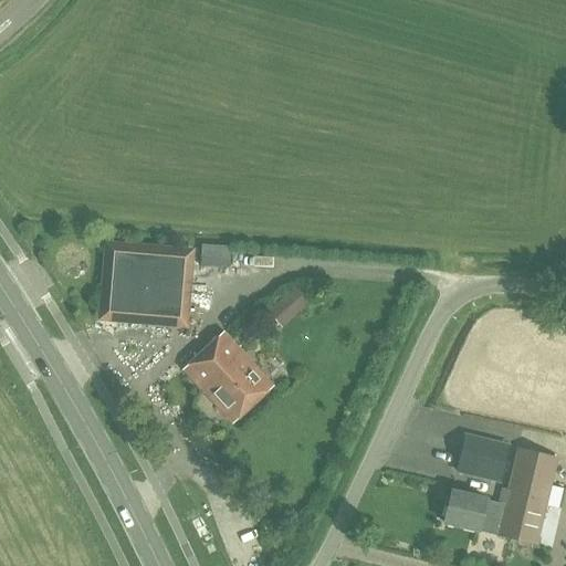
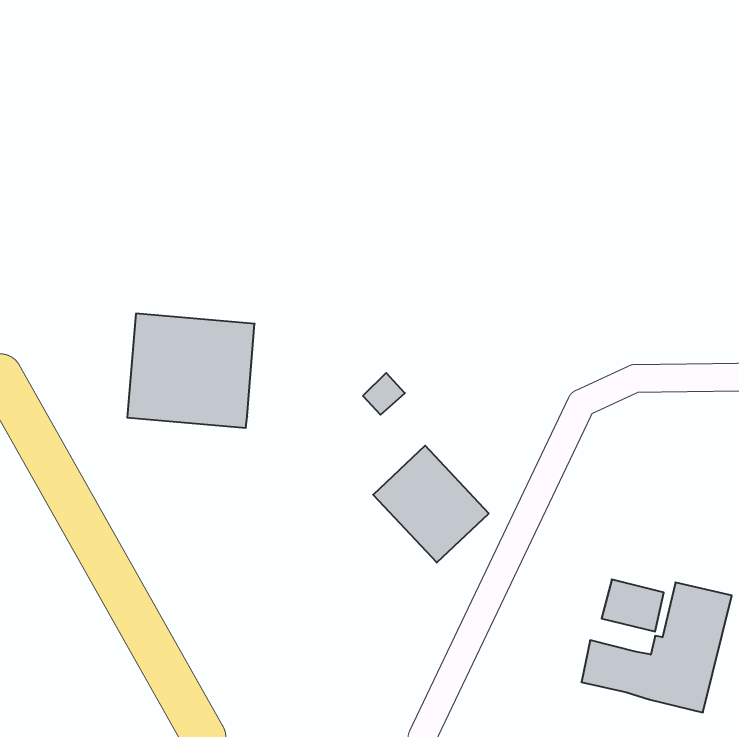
building: [199,243,230,268] -> none
building: [184,332,272,421] -> [373,446,489,563]

